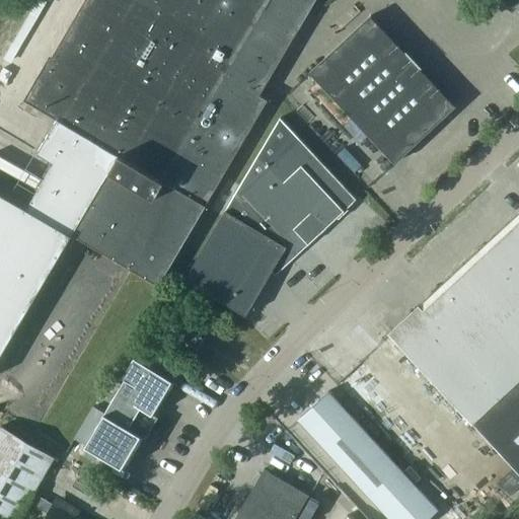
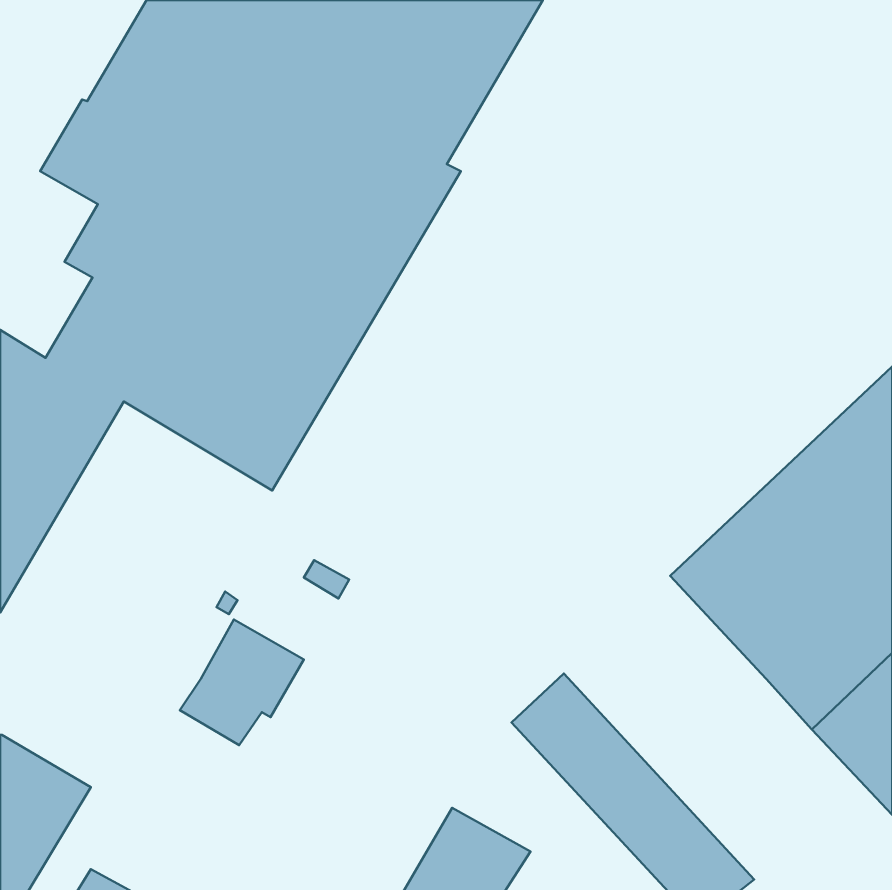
building: [310,17,454,163] -> none
building: [184,118,356,314] -> none
building: [86,414,142,467] -> none

